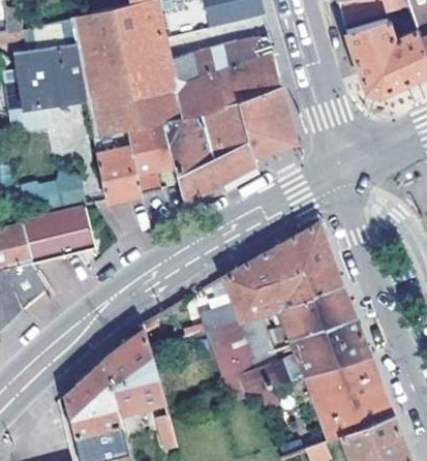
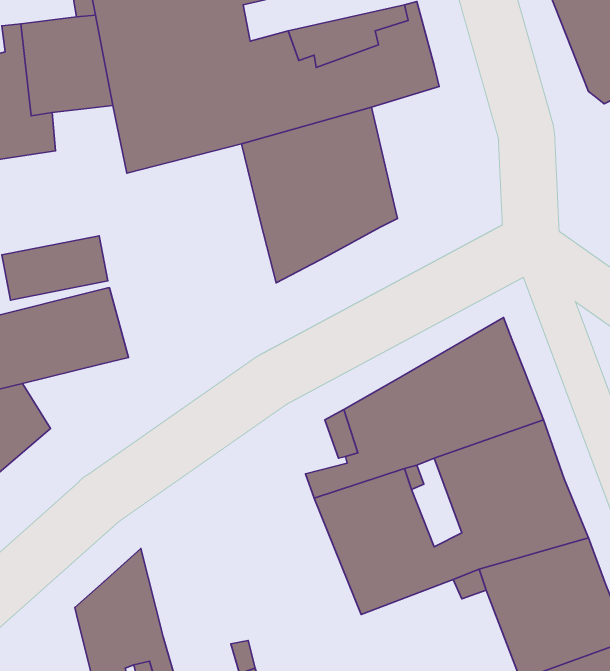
building: [241,86,296,156] -> none
building: [95,120,175,202] -> none
building: [103,332,163,413] -> none

